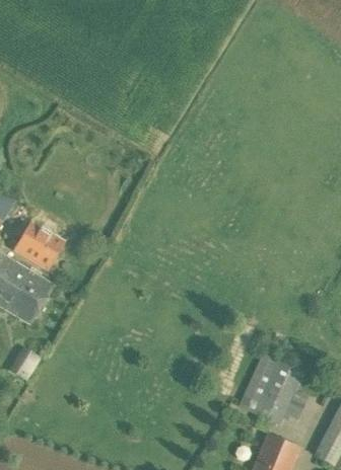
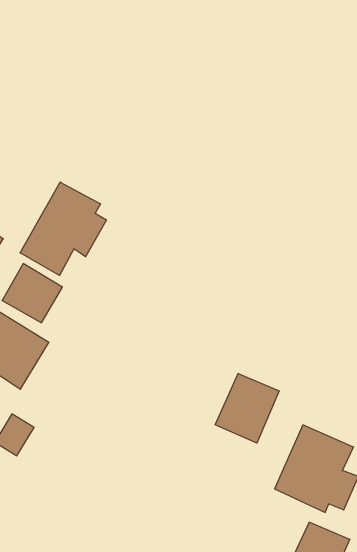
building: none -> [20,182,106,275]
building: none -> [215,373,279,443]

